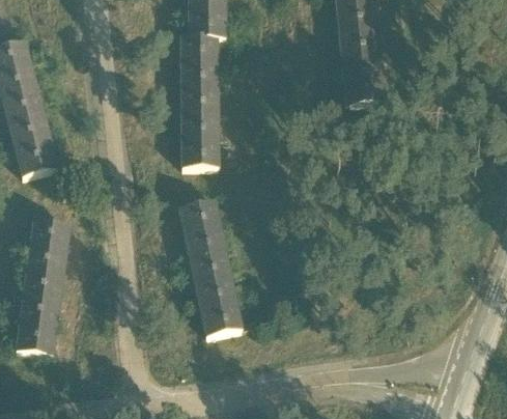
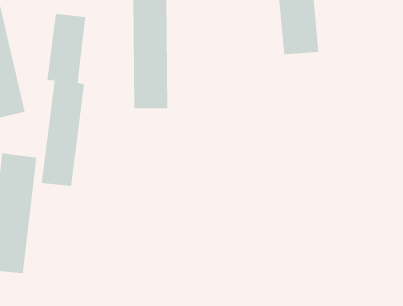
building: none -> [41,13,86,187]
building: [179,195,241,333] -> none

